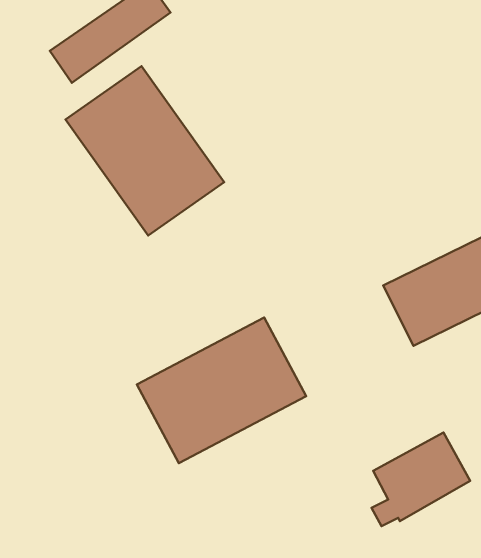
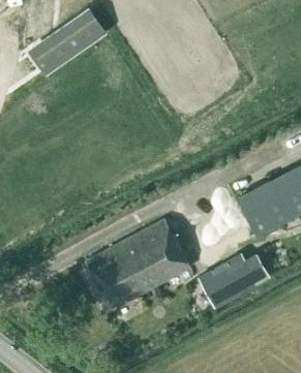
building: [66,66,224,236] -> none
building: [371,432,470,526] -> [197,251,258,309]

